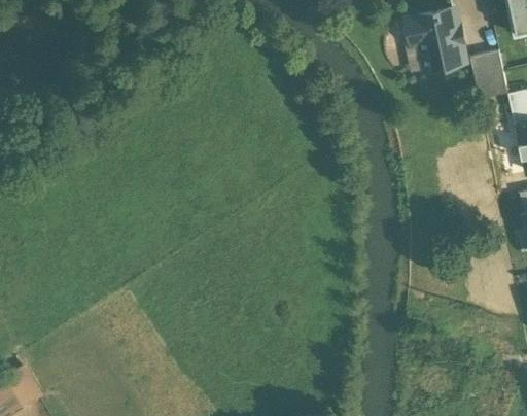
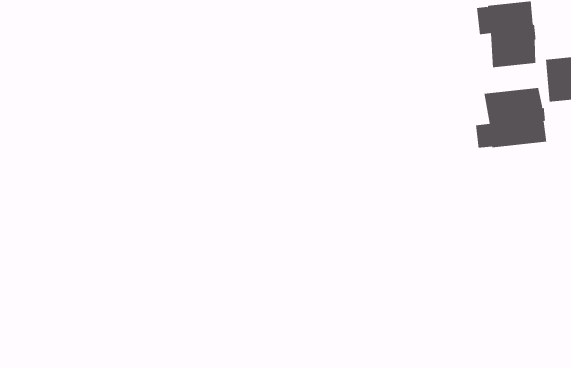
building: none -> [475,87,547,149]

